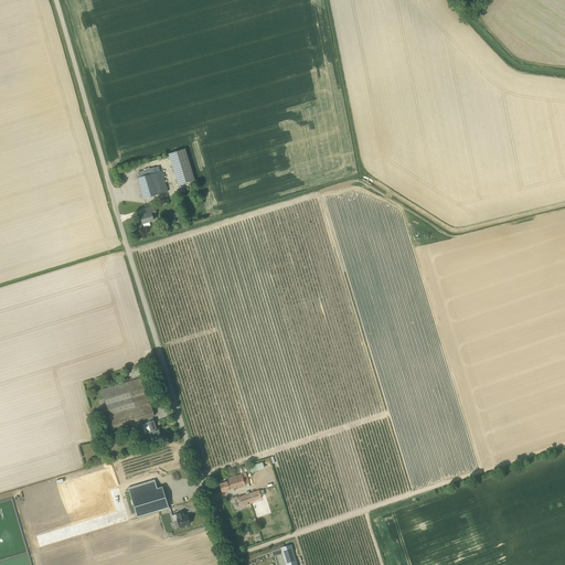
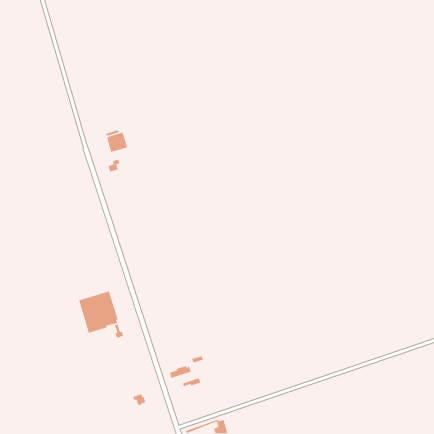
building: [168,149,195,185] -> none
building: [128,479,169,518] -> none

